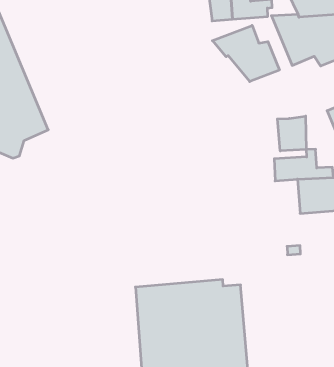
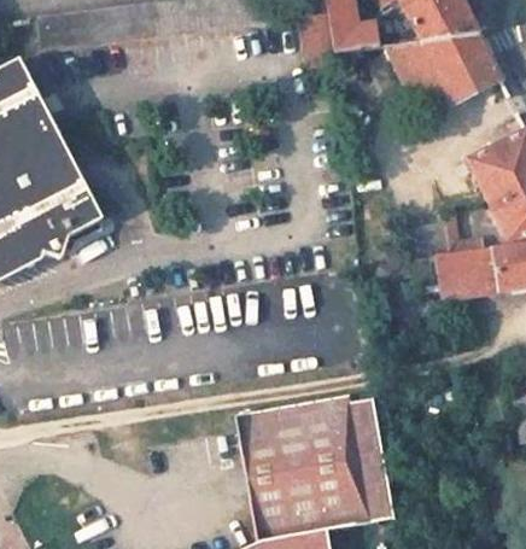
building: [212,25,279,82] -> none
building: [277,116,306,151] -> none

